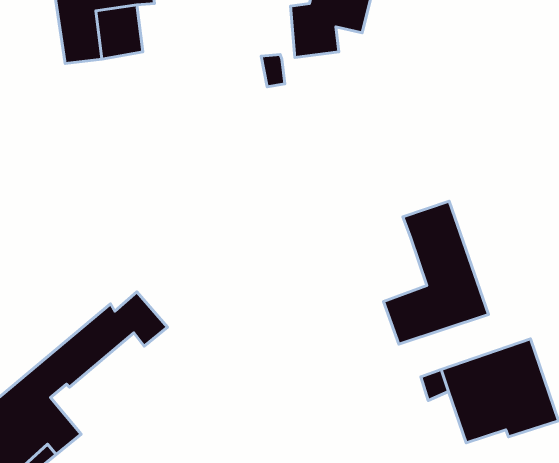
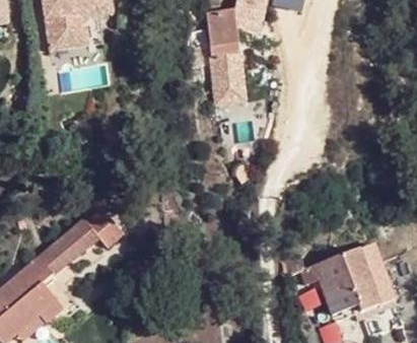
building: none -> [210,44,241,88]
building: [384,201,488,344] -> none

